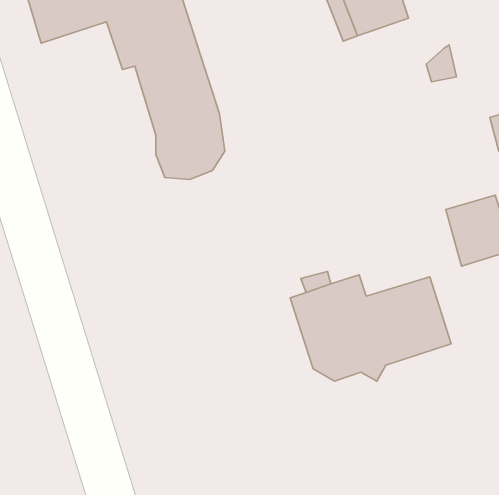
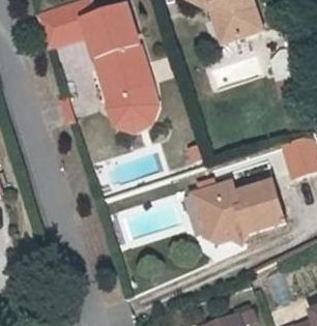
building: none -> [94,57,159,129]

